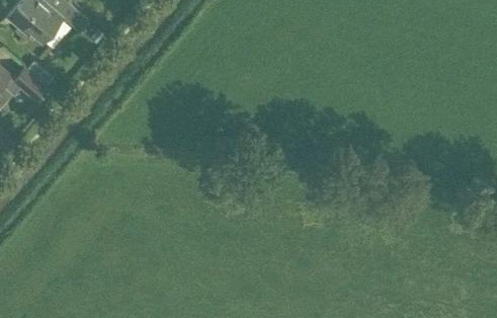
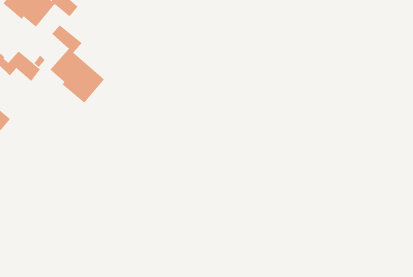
building: none -> [50,24,105,104]

